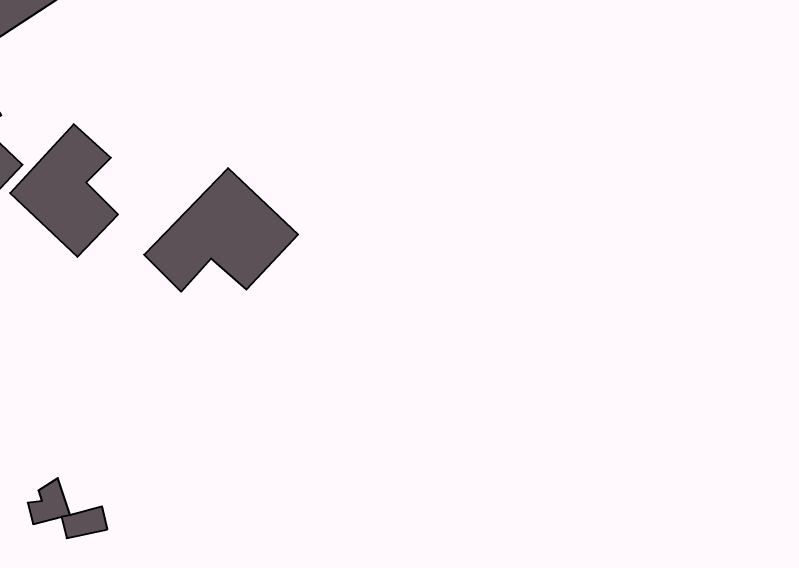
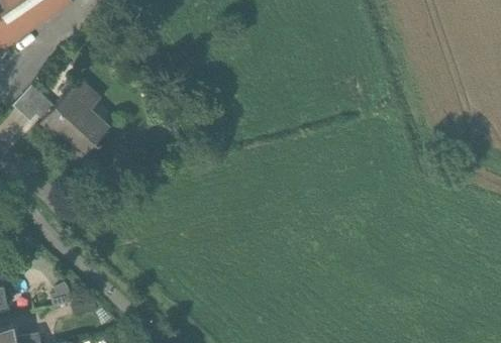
building: [144,168,298,292] -> none

